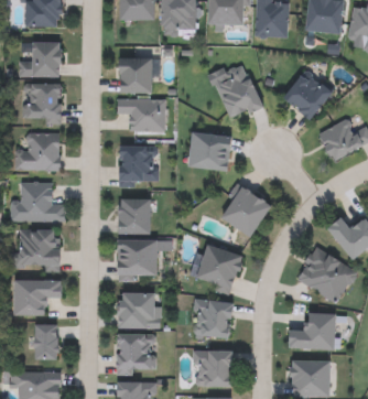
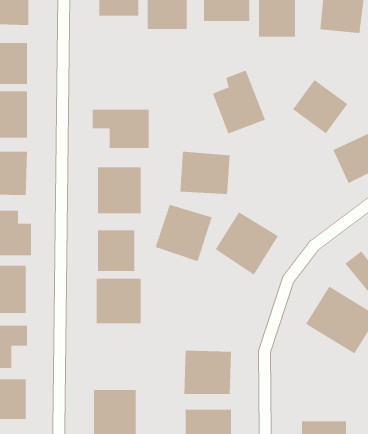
building: [119,58,151,94] -> none
building: [195,245,243,293] -> [155,204,212,262]
building: [119,293,160,330] -> none
building: [289,314,336,351] -> none

